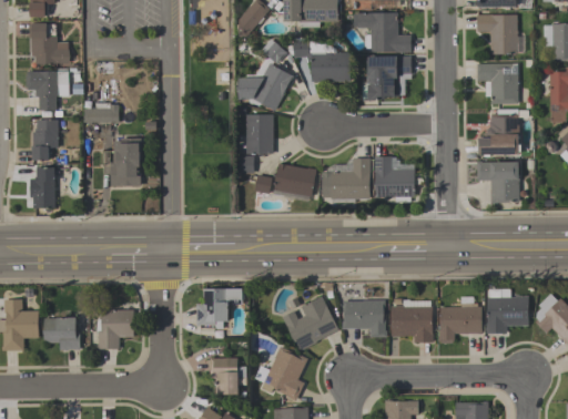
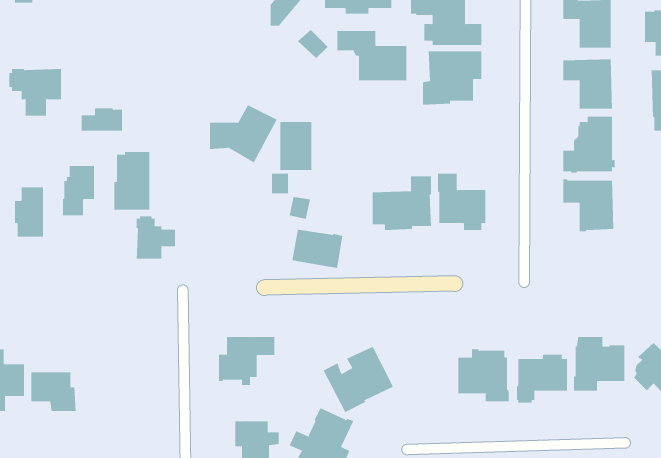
building: [29,23,70,64] -> none
building: [239,63,294,111] -> [209,105,277,163]
building: [31,120,58,161] -> [62,166,95,216]
building: [274,164,316,196] -> [292,229,343,269]
building: none -> [136,215,175,260]
building: [342,299,387,338] -> none
building: [97,310,134,349] -> none

